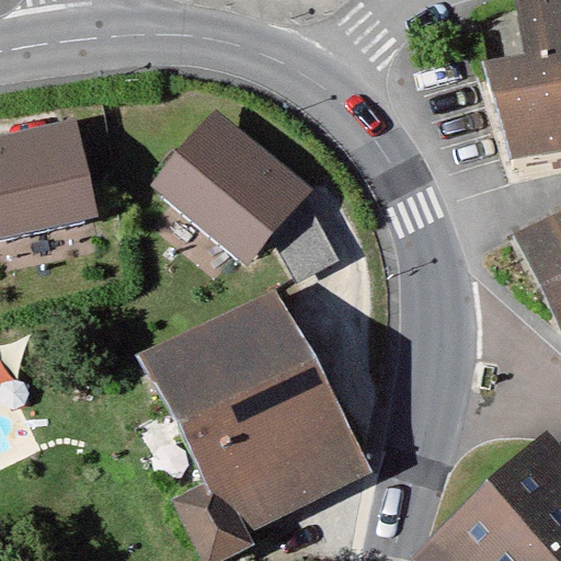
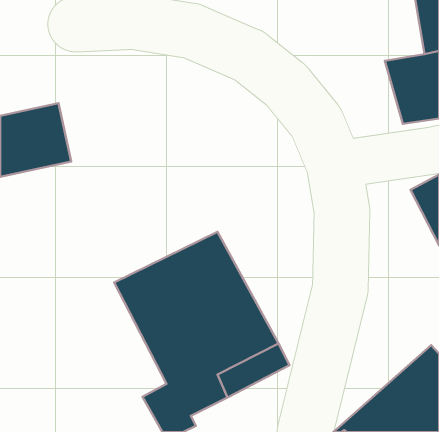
building: [178,125,340,273] -> none

